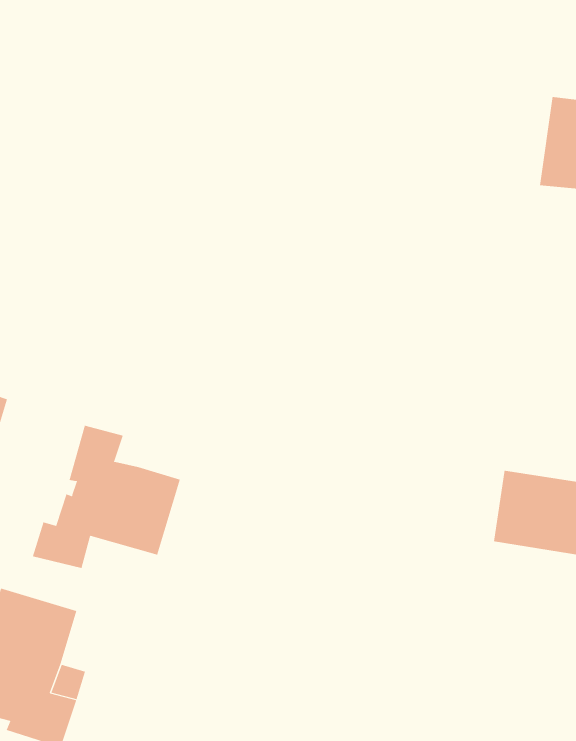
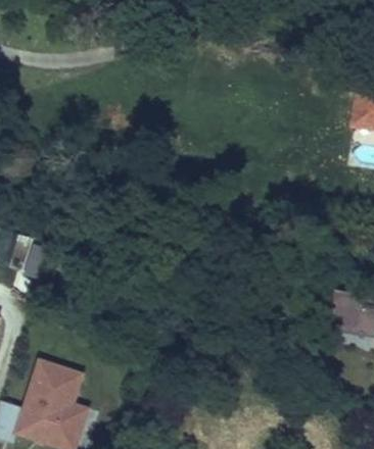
building: [32,425,181,569] -> none

